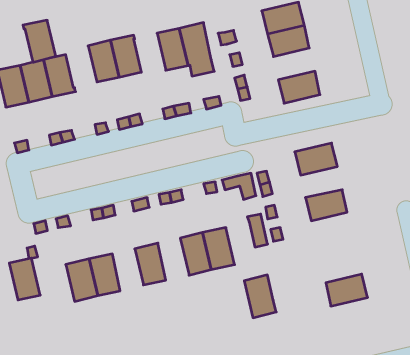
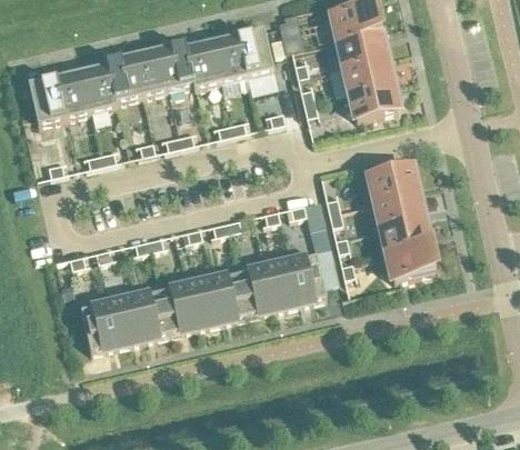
building: [23,20,56,62] -> [104,53,142,101]
building: none -> [184,39,221,88]
building: none -> [330,56,392,96]
building: none -> [376,191,423,227]
building: none -> [212,273,248,321]
building: none -> [160,286,196,333]
building: [9,258,40,300] -> [81,303,117,351]
building: [326,274,368,306] -> [388,243,436,280]
building: [244,275,276,318] -> [290,254,327,303]

